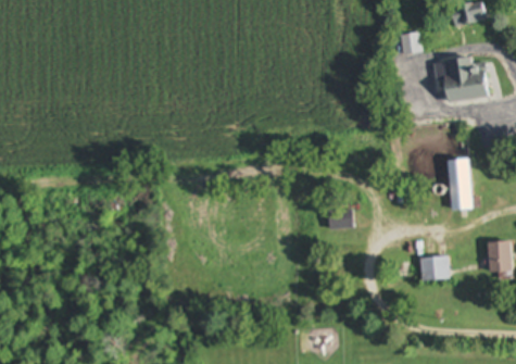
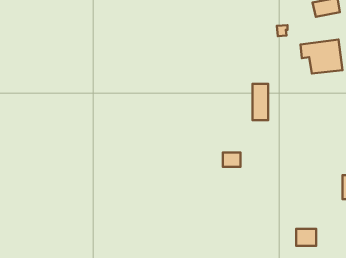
building: [450,161,470,210] -> [253,84,268,120]
building: [420,255,448,278] -> [296,229,316,246]

